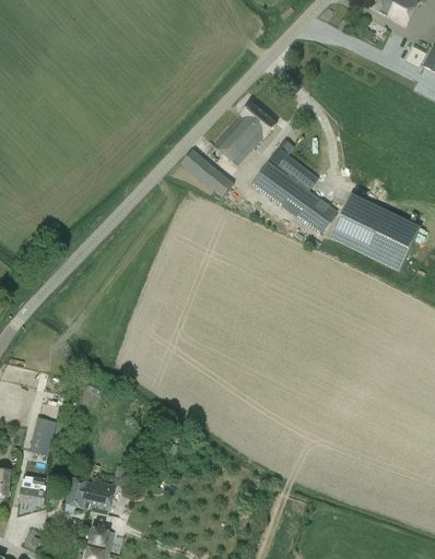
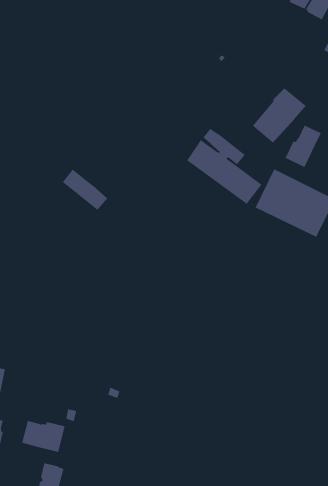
building: [214,102,277,165] -> [252,87,307,143]
building: none -> [284,124,322,168]
building: [181,148,234,197] -> [62,168,108,211]

